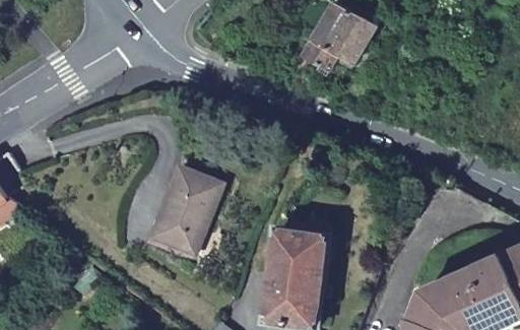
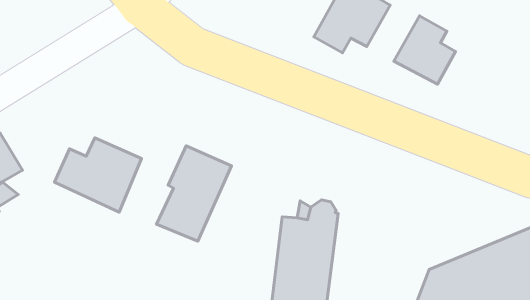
building: none -> [394,16,455,84]
building: none -> [54,138,142,212]

